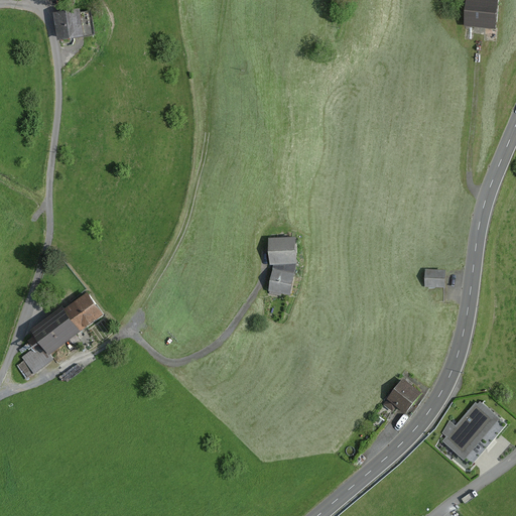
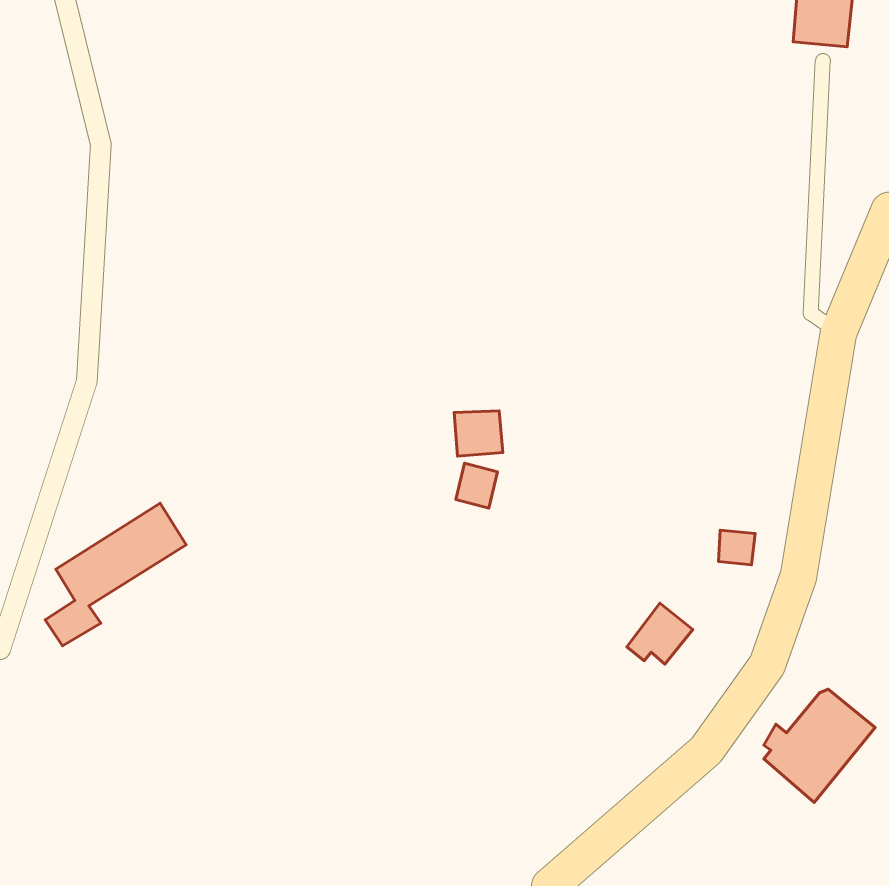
building: [54,7,84,38] -> none
building: [423,267,444,287] -> [718,530,755,565]
building: [383,377,421,412] -> [627,603,693,664]

